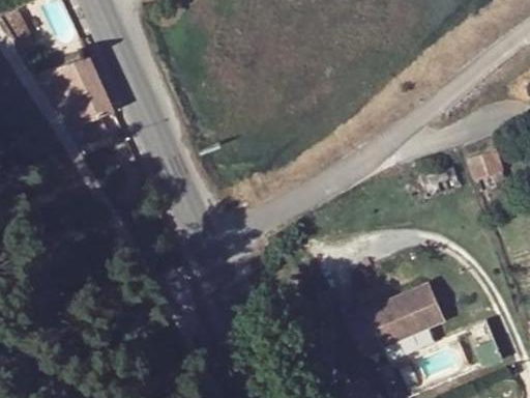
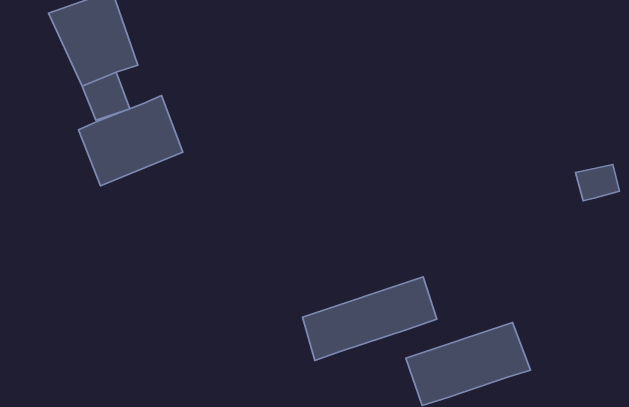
building: none -> [78,95,183,186]
building: none -> [302,277,437,360]

